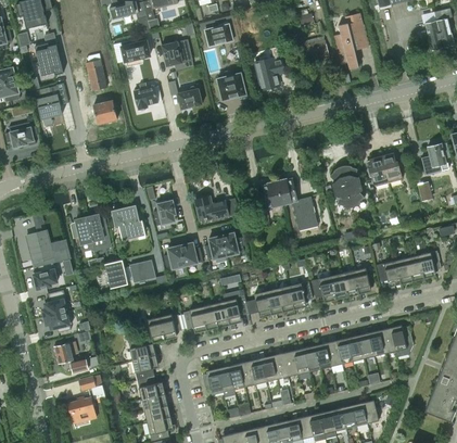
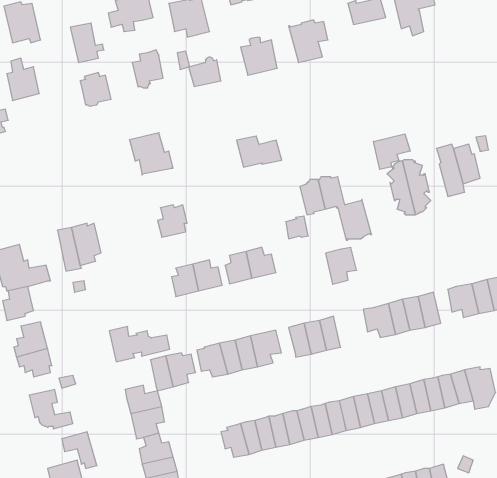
building: none -> [373,134,410,169]
building: [194,197,229,220] -> [237,136,282,167]
building: [112,205,145,238] -> [129,133,173,175]
building: [109,260,155,287] -> [109,327,170,362]
building: [289,281,313,309] -> [326,248,357,284]

